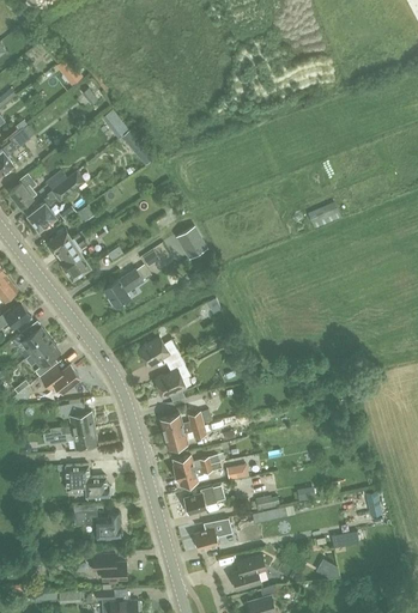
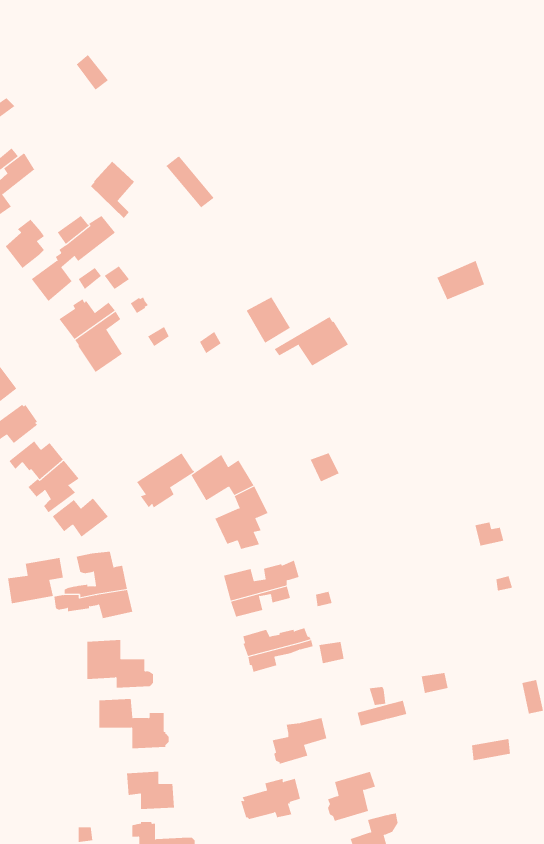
building: none -> [90,161,135,219]
building: none -> [274,316,349,367]
building: [103,268,144,306] -> [136,453,195,508]
building: none -> [8,557,63,604]
building: [182,485,224,514] -> [240,778,301,820]

